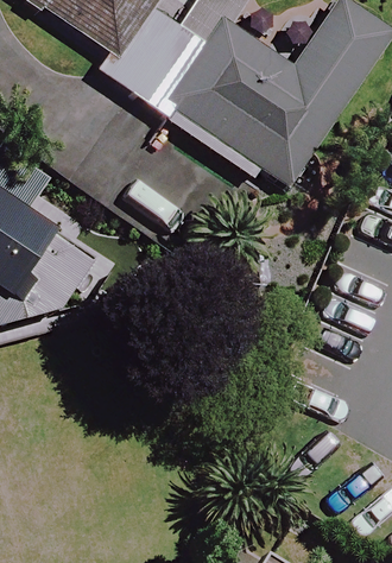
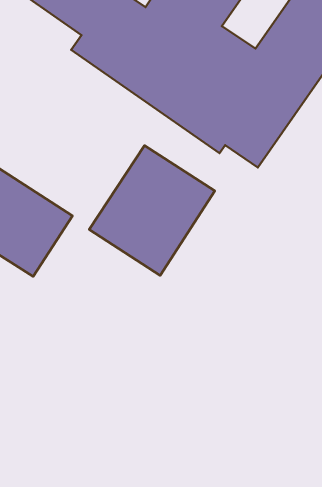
building: none -> [89,146,215,276]

